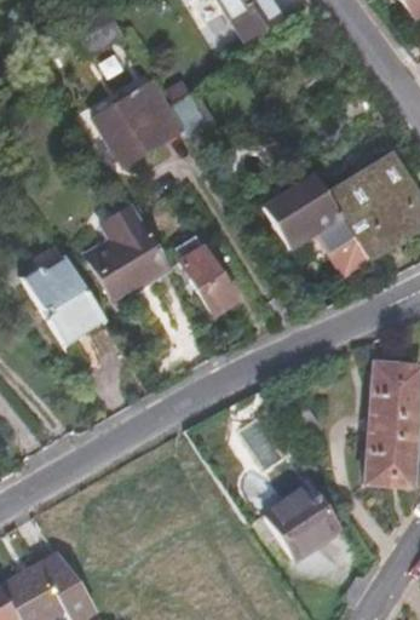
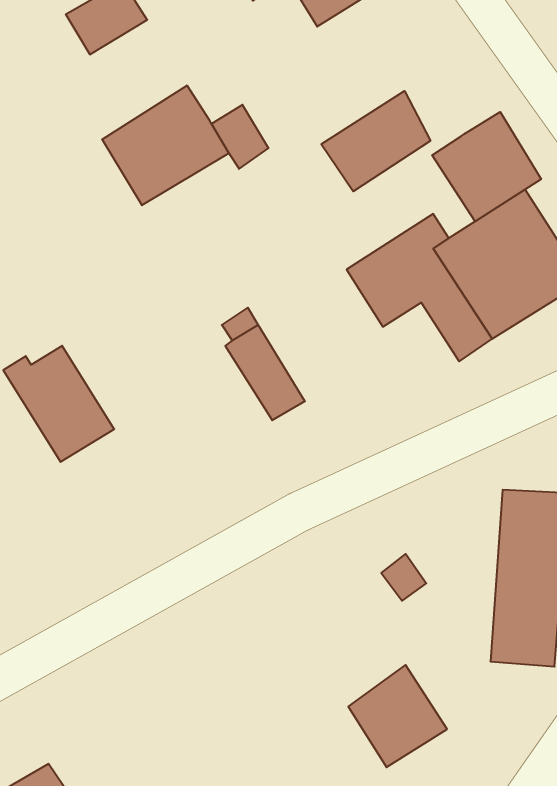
building: none -> [321,91,430,191]
building: none -> [432,112,541,221]
building: [88,206,168,300] -> none

